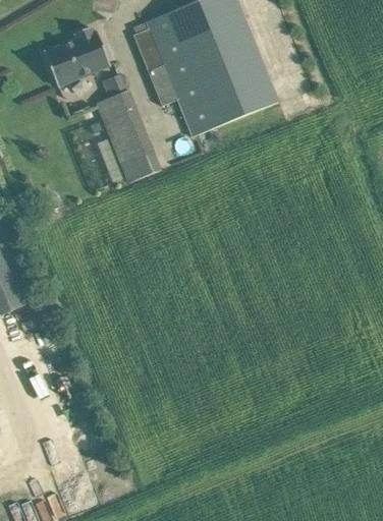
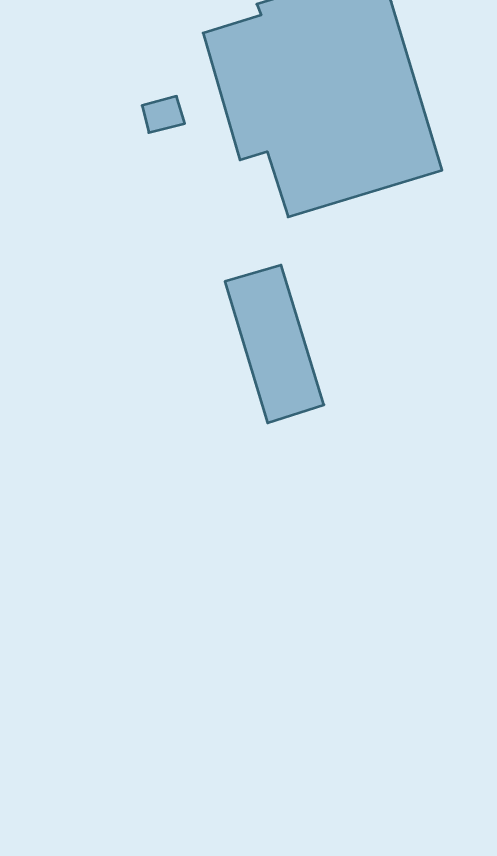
building: [45,31,110,86] -> none
building: [97,90,160,181] -> [225,265,324,423]

